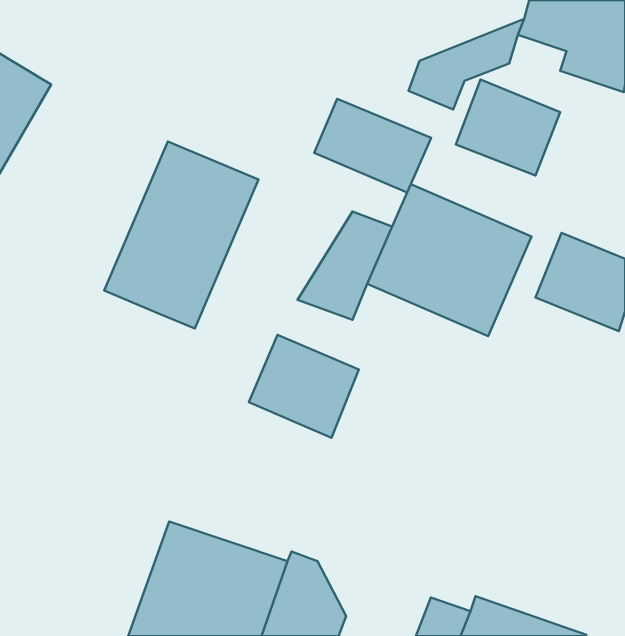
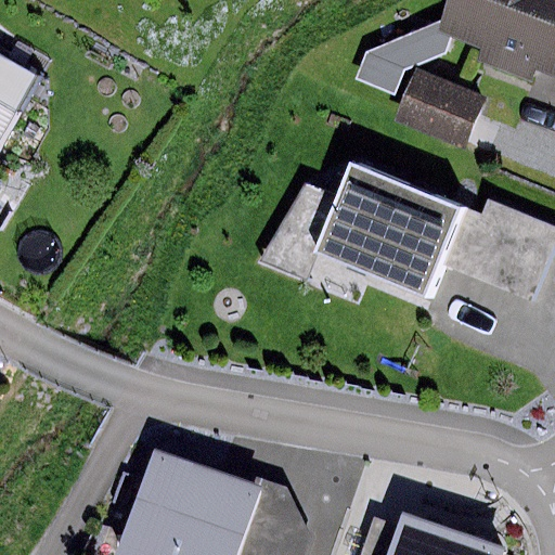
building: [314,99,431,192] -> none
building: [104,141,258,329] -> none
building: [249,335,359,438] -> none

